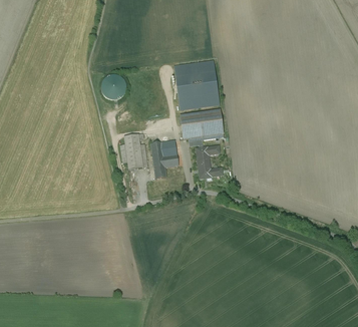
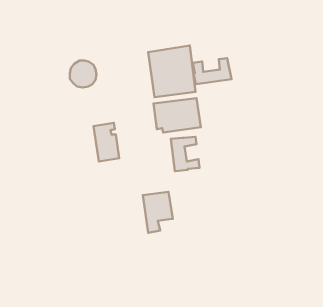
building: none -> [193,58,232,84]
building: [150,140,178,179] -> [143,192,173,233]

